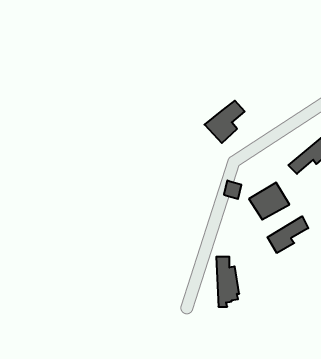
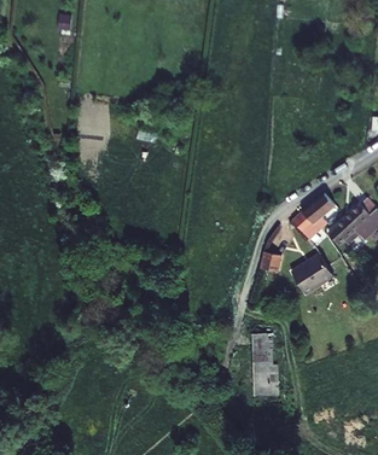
building: [204,101,245,143] -> [292,189,337,237]
building: [267,216,308,253] -> none

